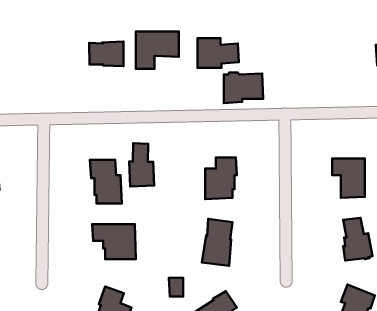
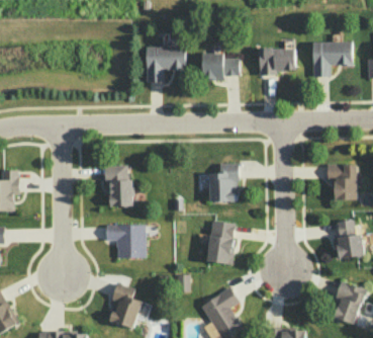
building: none -> [312,41,352,76]
building: [89,42,123,66] -> none
building: [224,72,263,103] -> [259,47,295,75]
building: [129,143,154,186] -> none

